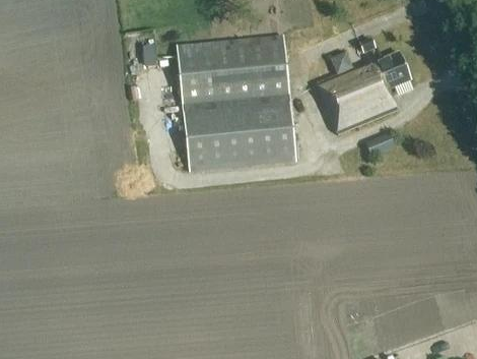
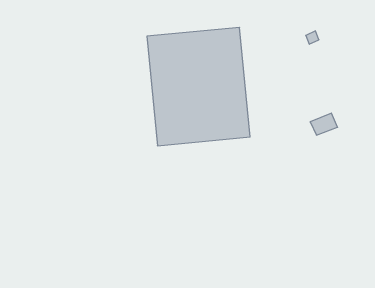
building: [316,51,411,136] -> none

